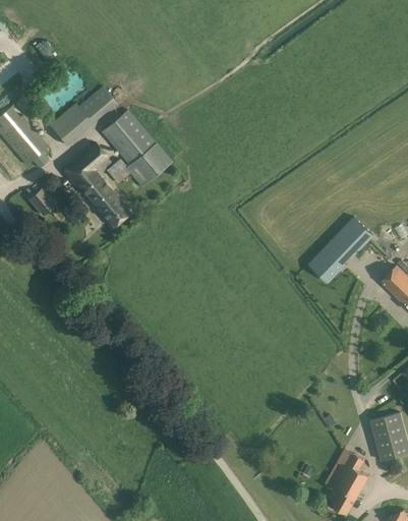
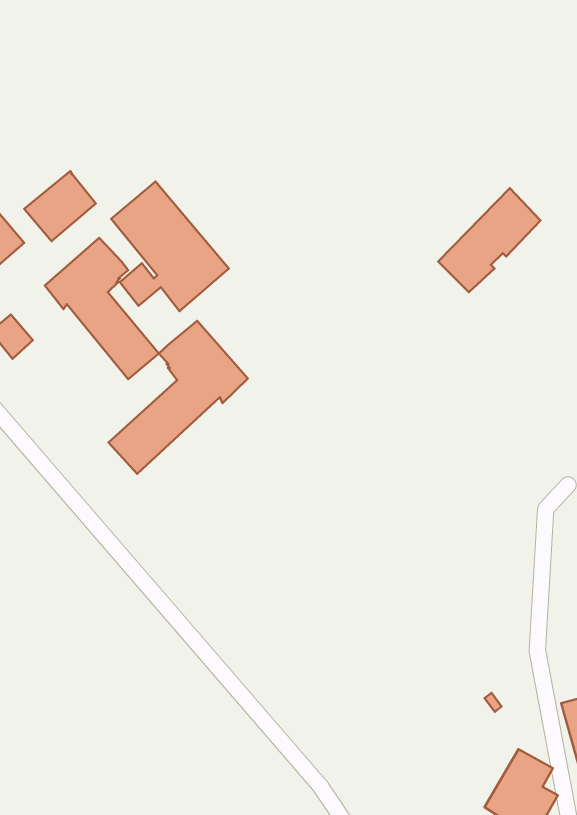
building: [78,88,116,123] -> none
building: none -> [109,321,248,474]
building: [311,216,372,278] -> [438,188,540,292]

